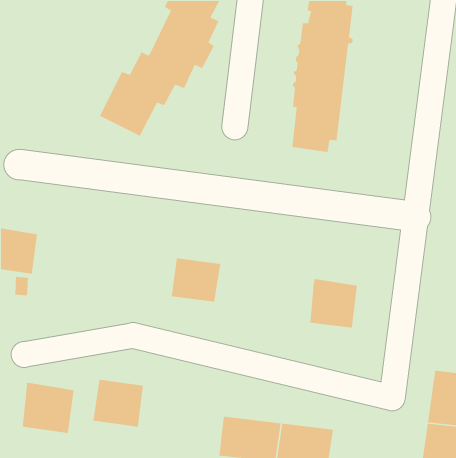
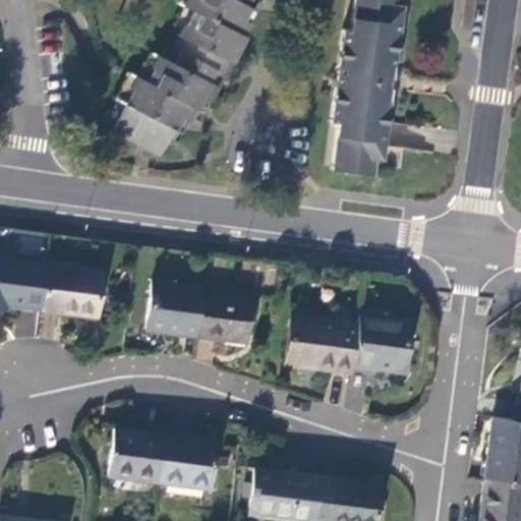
building: none -> [41,267,103,320]
building: none -> [147,283,204,338]
building: none -> [287,315,358,374]
building: [22,382,75,434] -> none
building: none -> [161,438,217,491]

